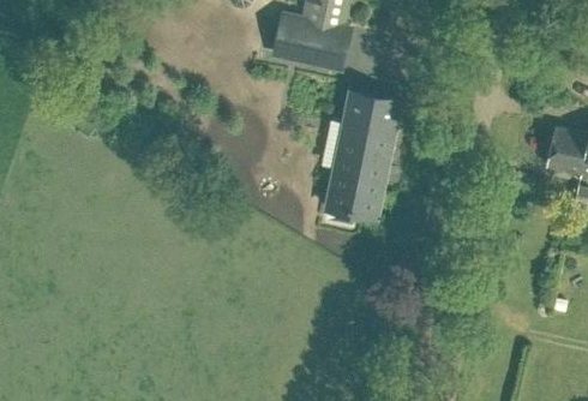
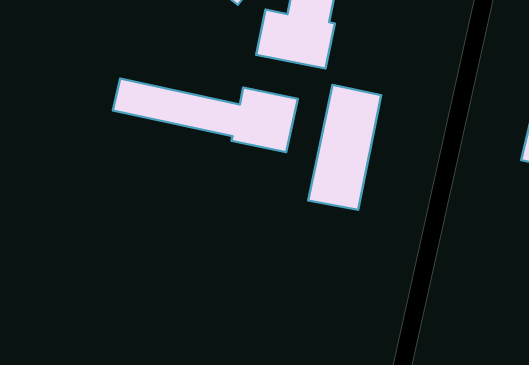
building: none -> [113,79,298,152]

